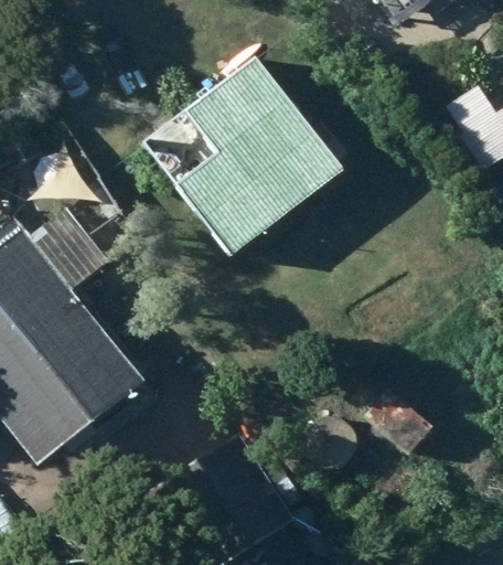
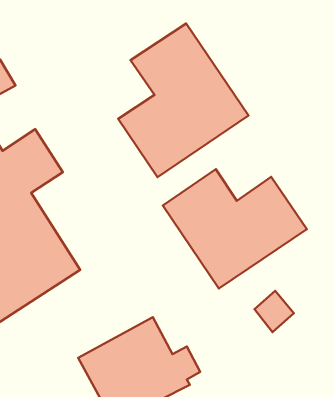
building: none -> [163,169,307,289]

